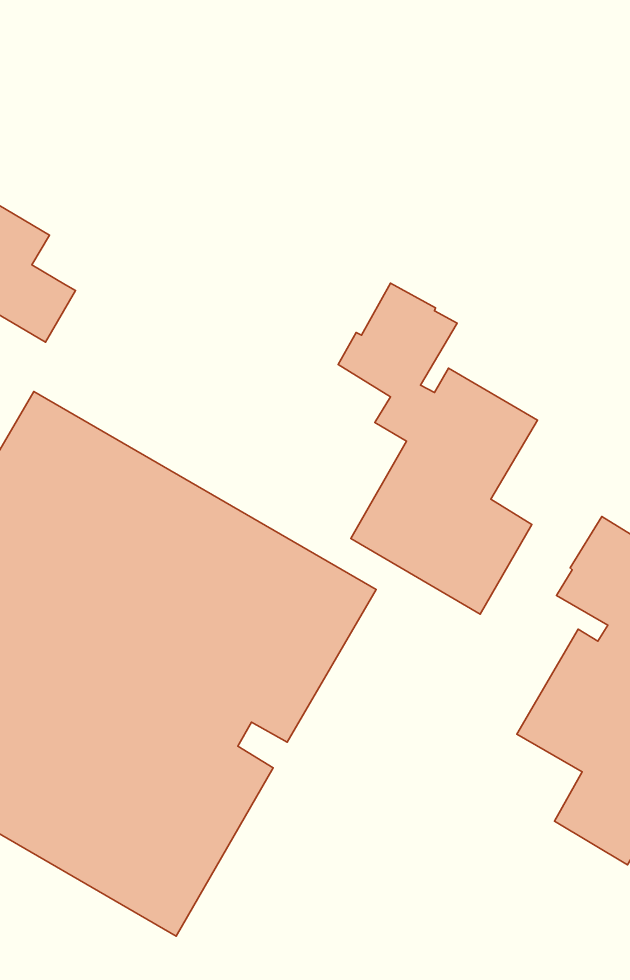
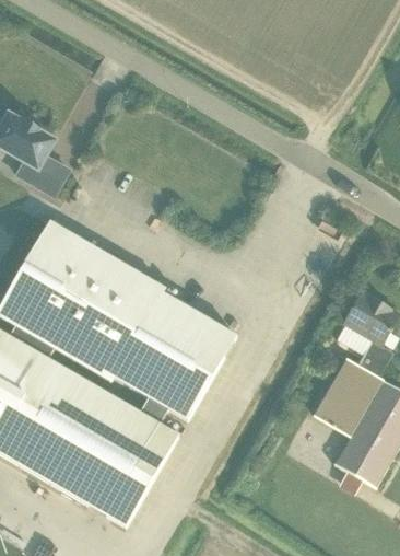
building: [338,283,537,614] -> none

